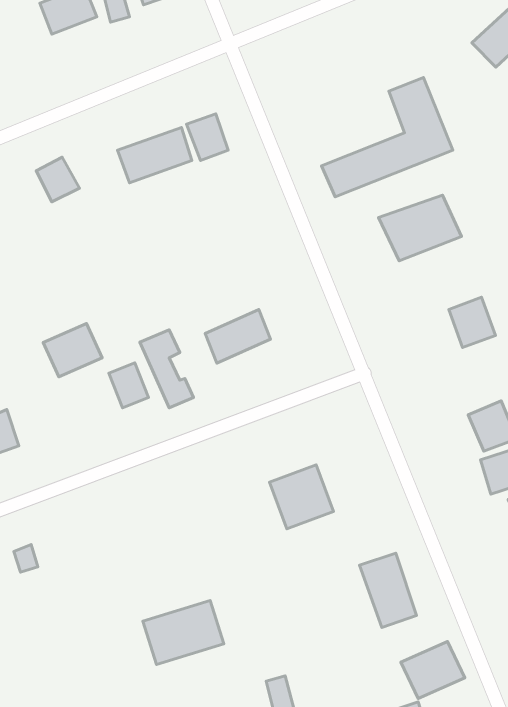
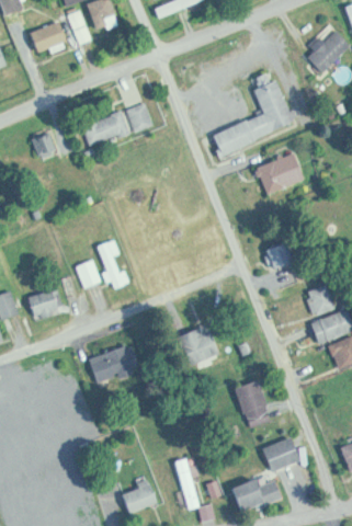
building: [449,297,495,347] -> [266,241,296,273]
building: [205,310,271,363] -> none
building: [43,323,102,377] -> [27,287,65,321]
building: [143,600,224,664] -> [88,345,139,386]

